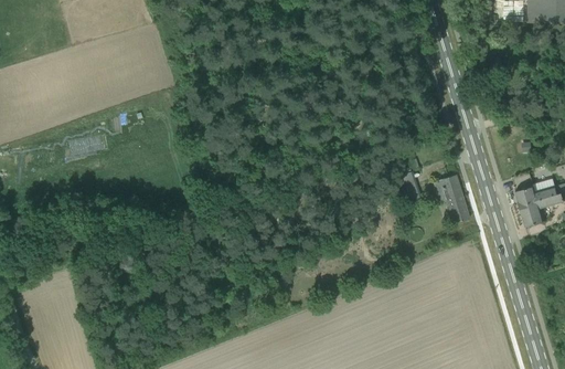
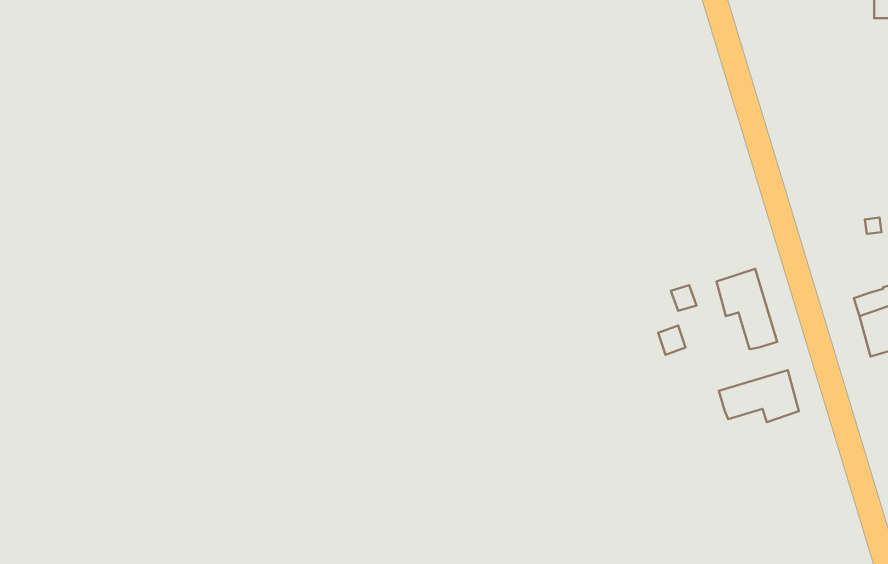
building: none -> [719,370,799,422]

